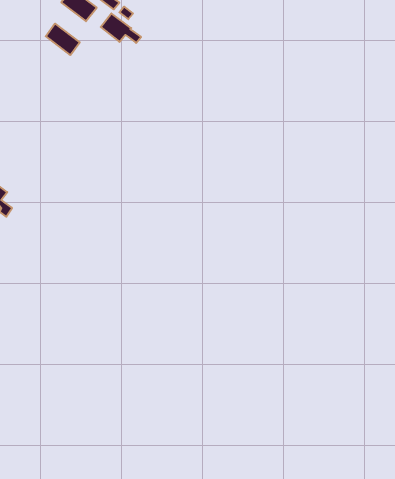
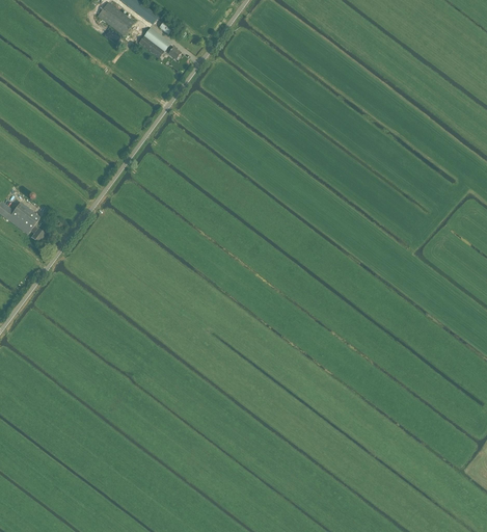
building: [46,24,80,55] -> none

